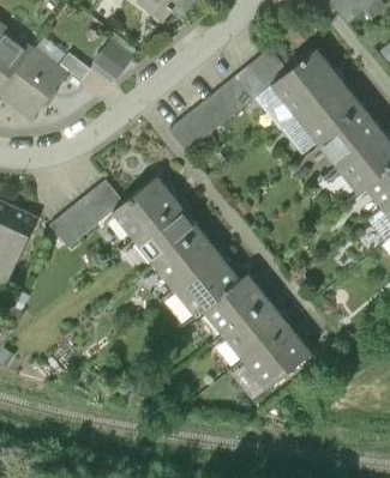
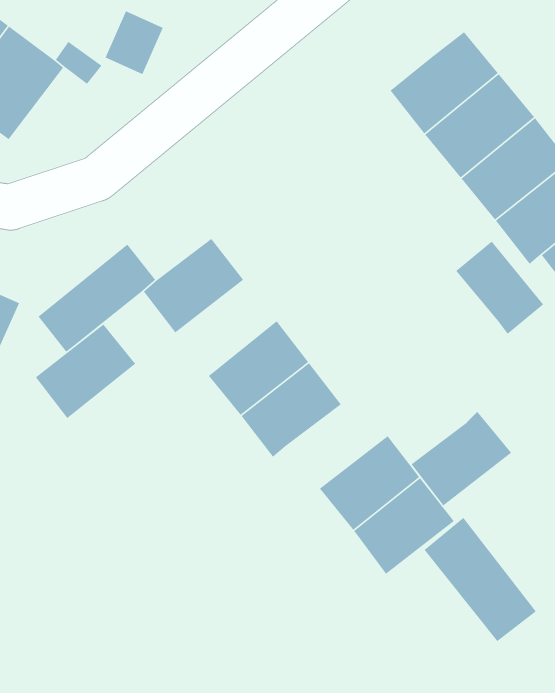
building: [168,44,294,153] -> none
building: none -> [455,241,544,335]
building: [134,204,198,264] -> [35,324,136,419]
building: [204,274,268,334] -> [411,411,512,506]
building: none -> [424,517,537,642]

